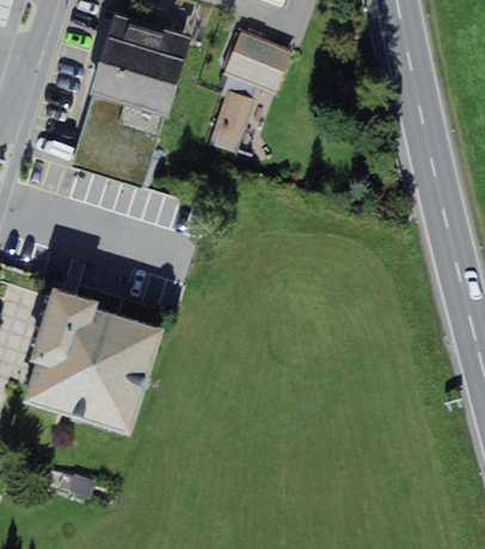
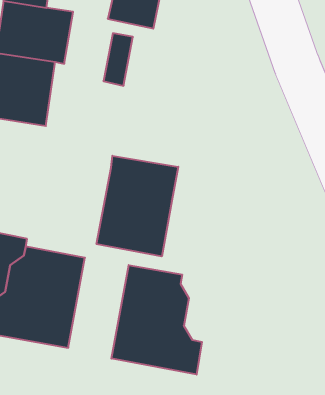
building: none -> [97,156,178,256]
building: none -> [111,265,202,375]

